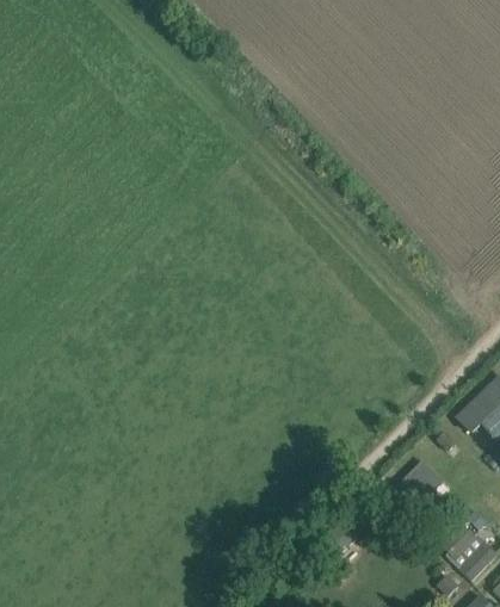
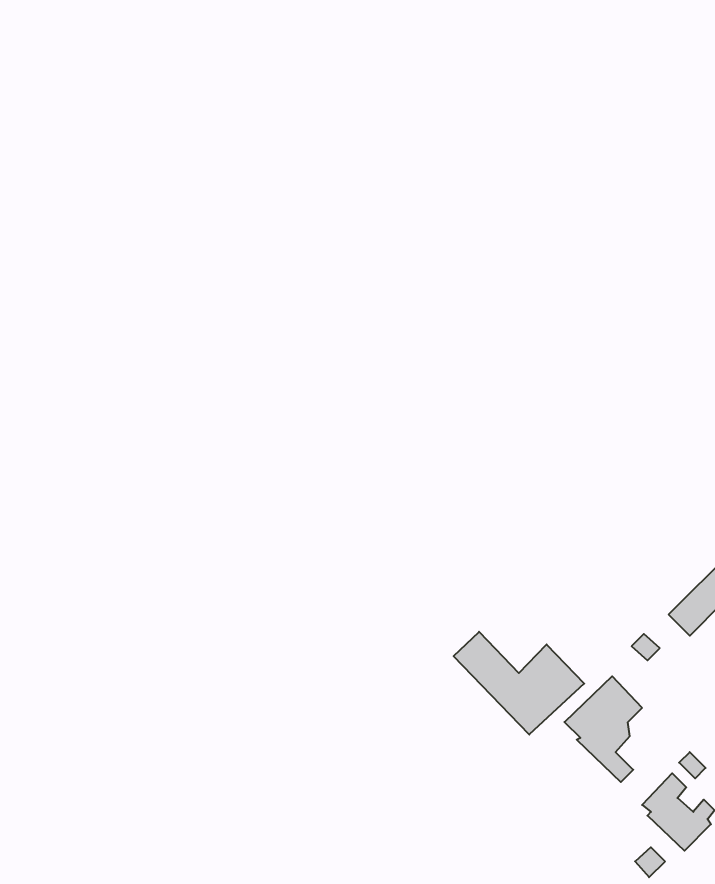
building: none -> [454,632,584,735]

